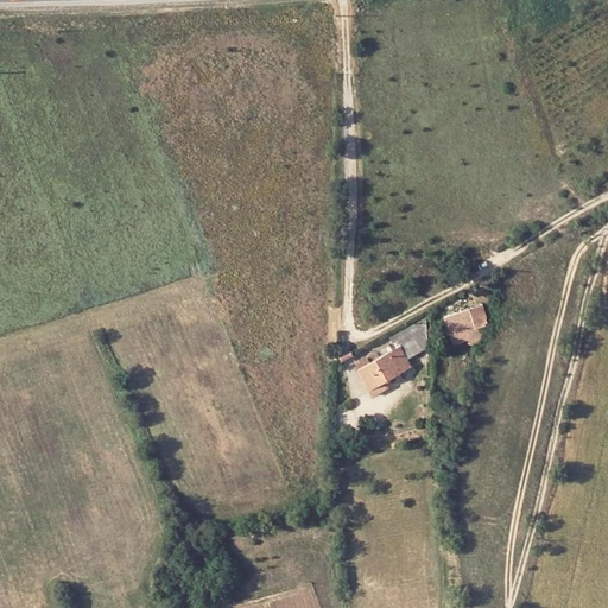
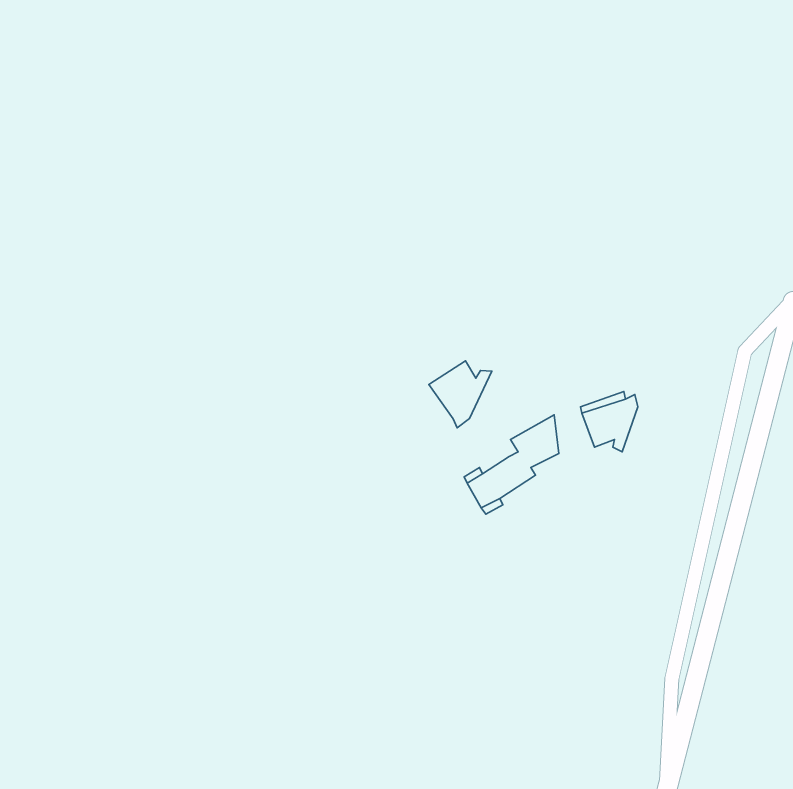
building: none -> [429,361,492,428]

